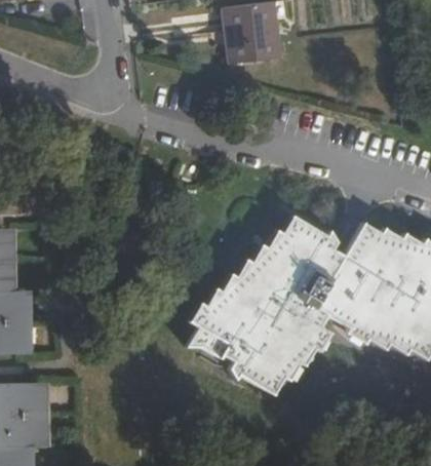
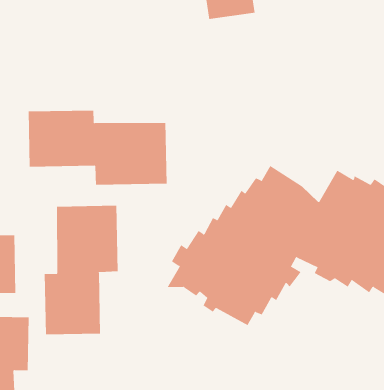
building: none -> [28,110,167,185]
building: none -> [44,205,118,335]

